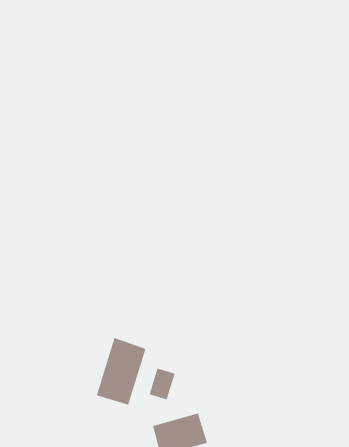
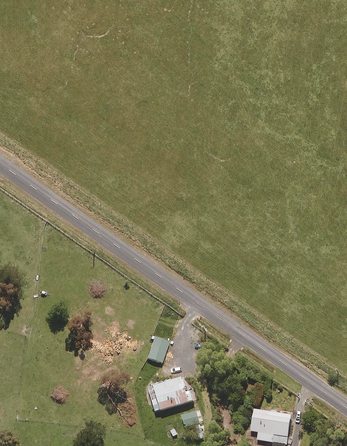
building: [96,337,146,406] -> none

